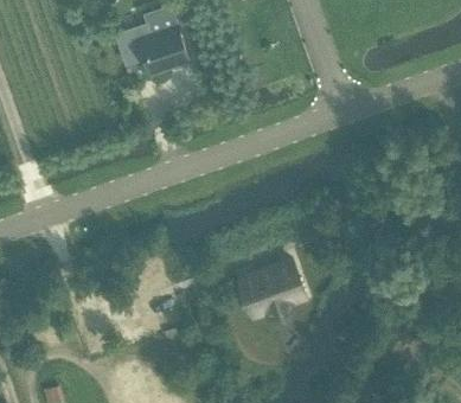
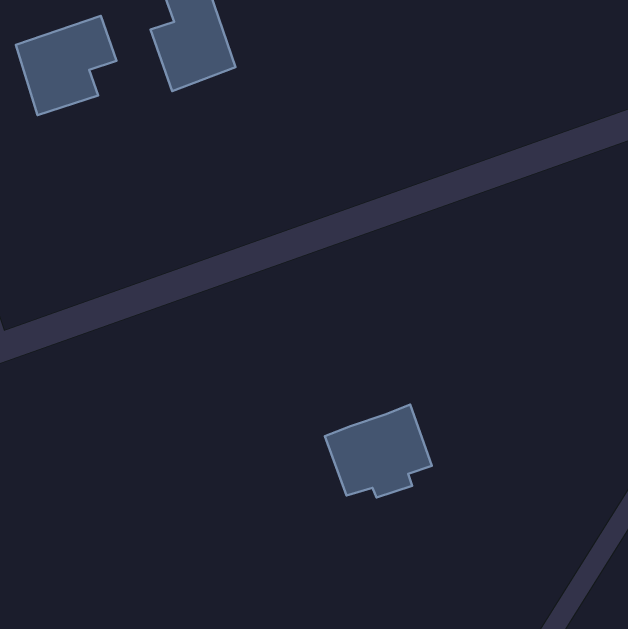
building: none -> [16,16,116,115]

